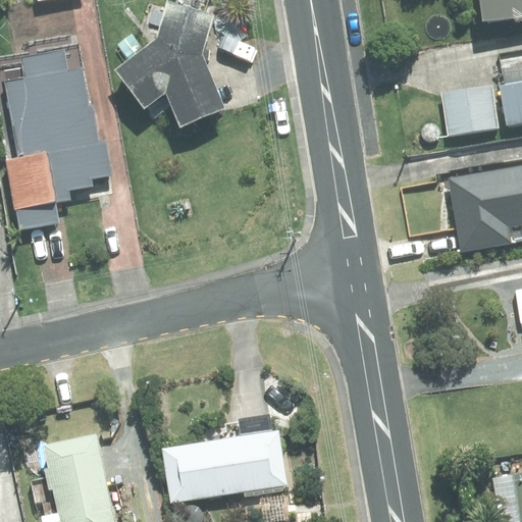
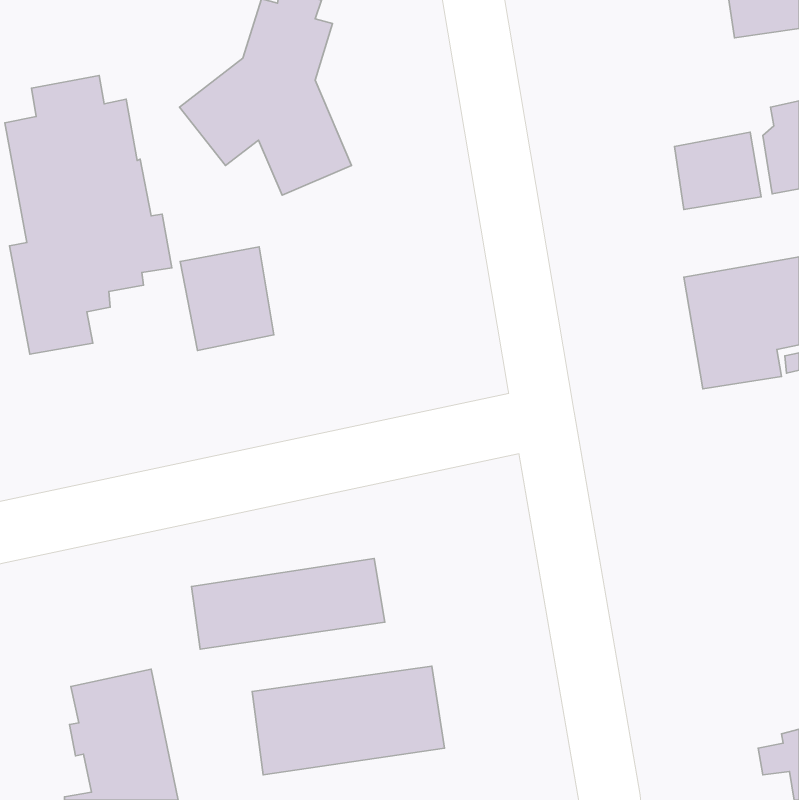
building: none -> [180,247,274,351]
building: none -> [192,559,385,649]

